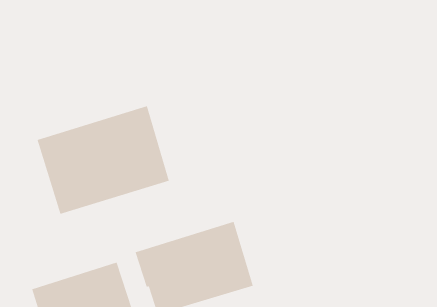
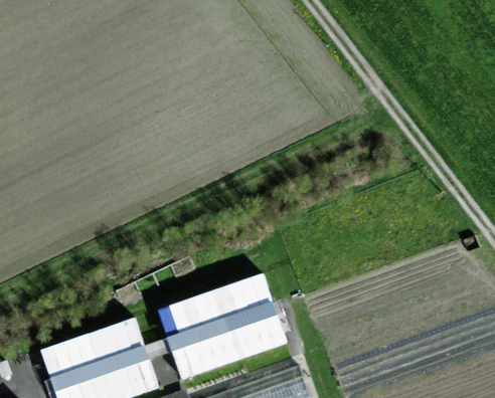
building: [36,105,170,215] -> none

